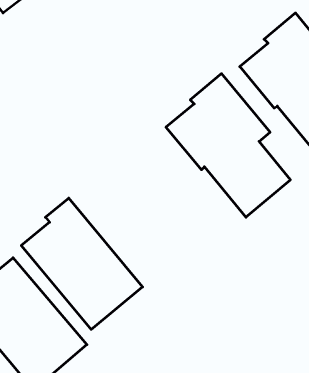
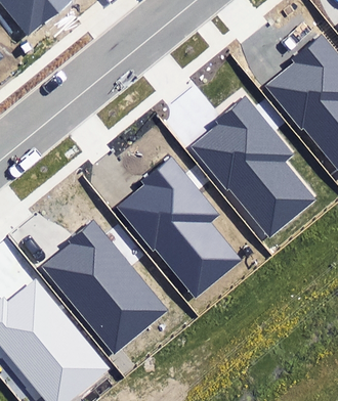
building: none -> [115,154,241,300]

